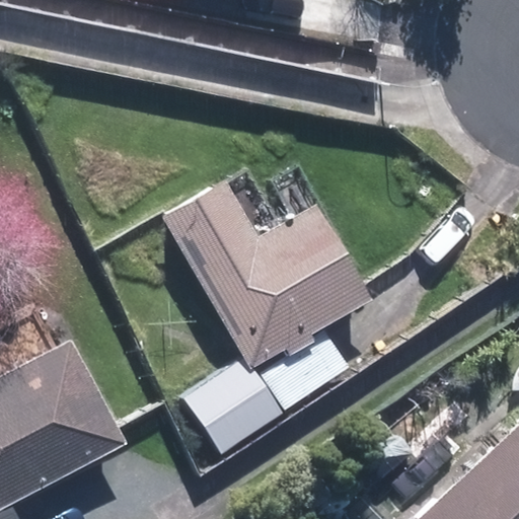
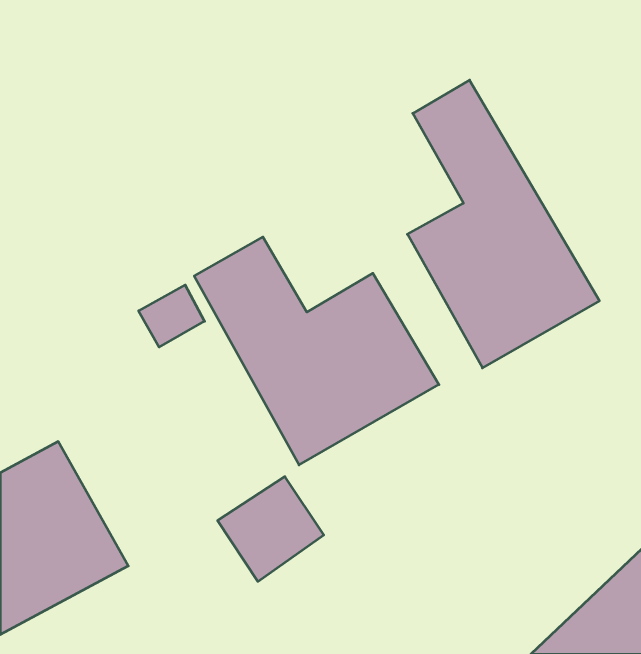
building: none -> [407,80,599,368]

